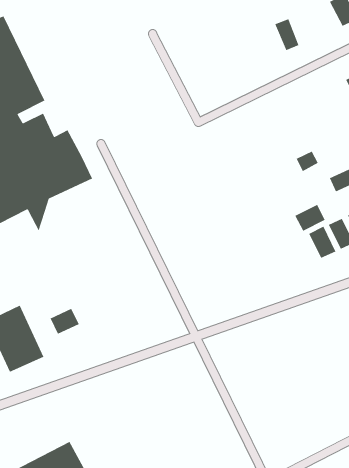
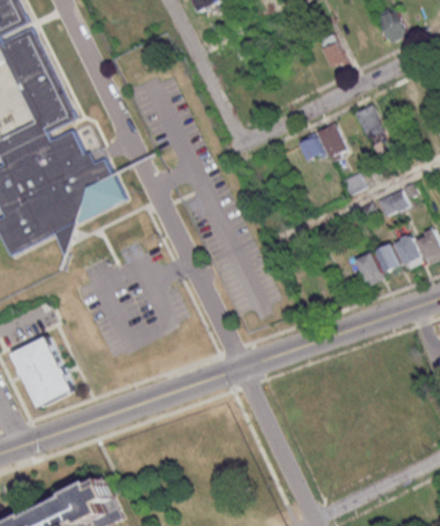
building: none -> [352,102,383,141]
building: none -> [296,121,345,159]
building: [294,204,326,232] -> none
building: [49,308,80,335] -> none

